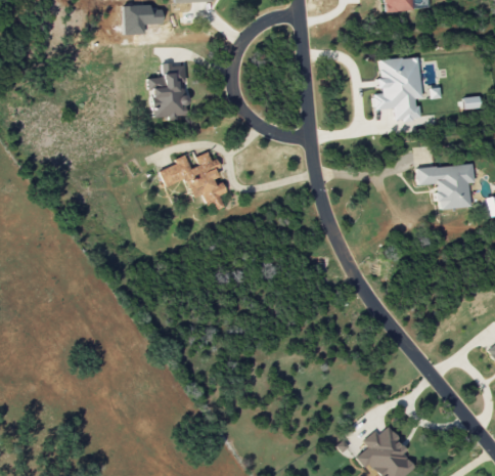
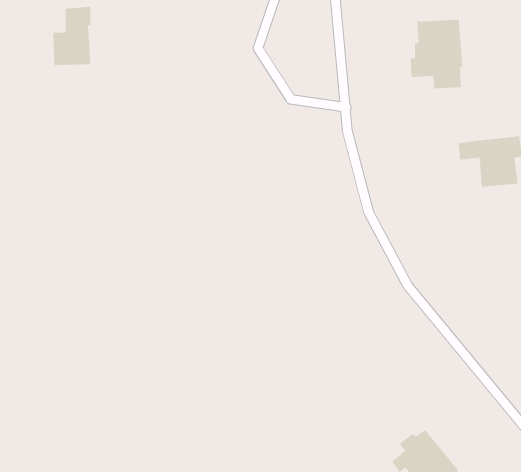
building: [152,63,187,118] -> [52,6,91,66]
building: [160,152,227,211] -> none

